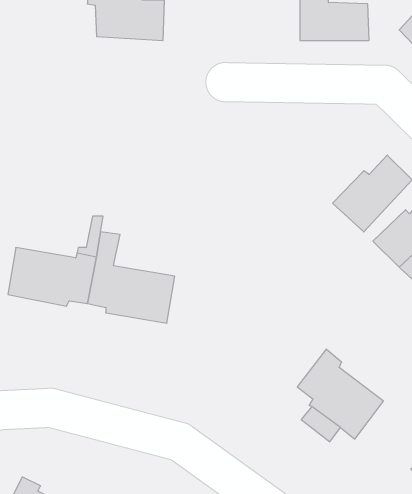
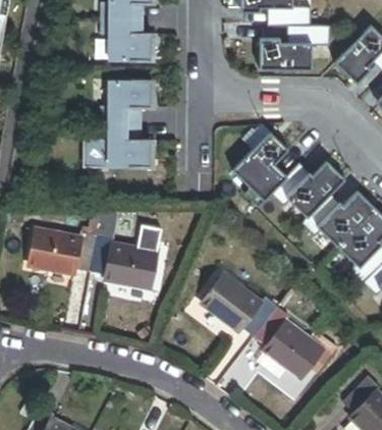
building: none -> [79,83,148,172]
building: none -> [230,126,288,199]
building: none -> [204,274,278,336]

